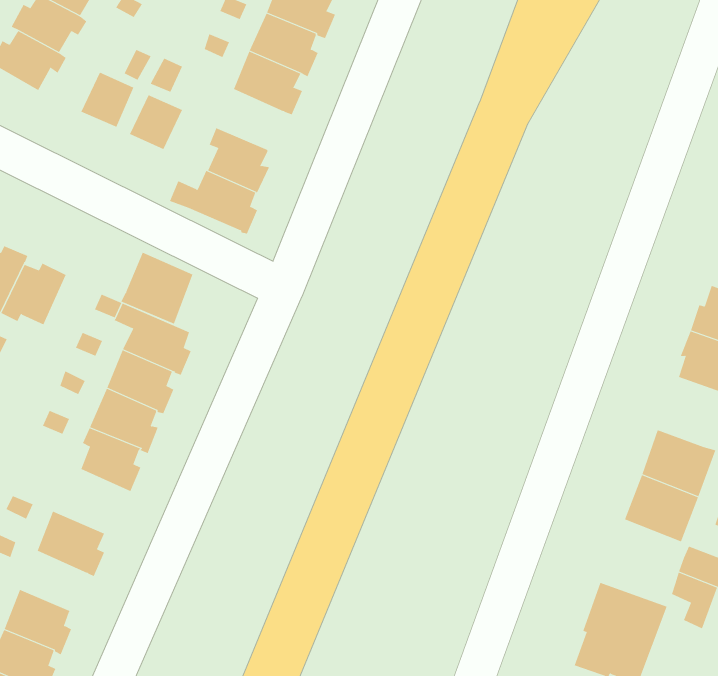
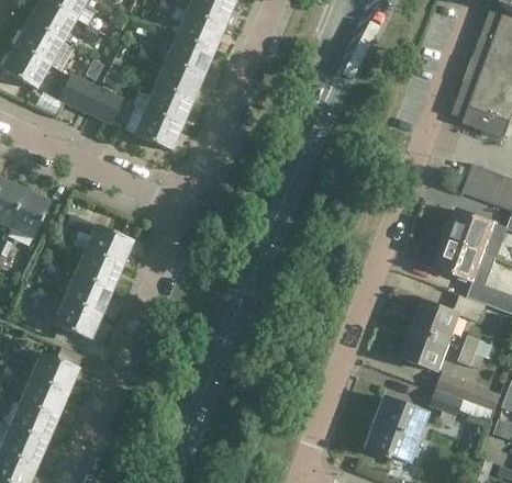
building: [169,170,258,234] -> [132,85,188,125]
building: [120,252,193,325] -> none
building: none -> [20,377,64,417]

